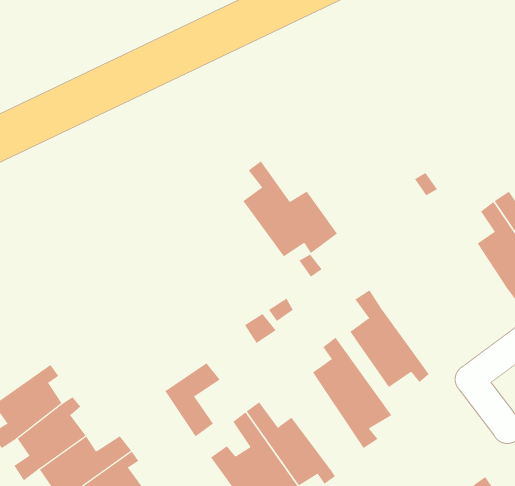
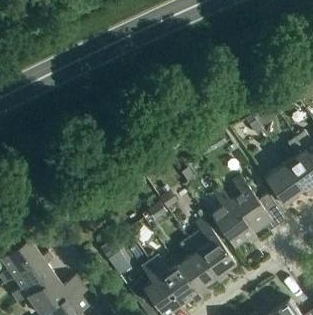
building: [243,160,338,257] -> [229,175,285,232]
building: none -> [264,161,302,205]
building: none -> [176,237,214,295]

